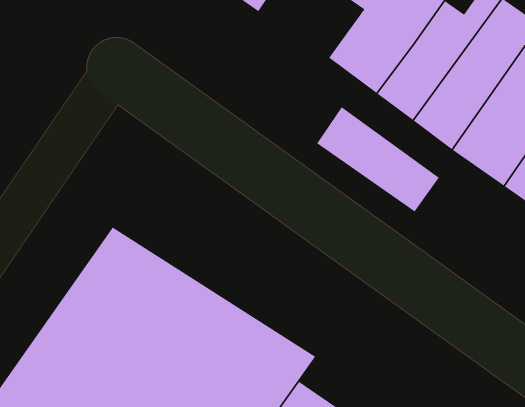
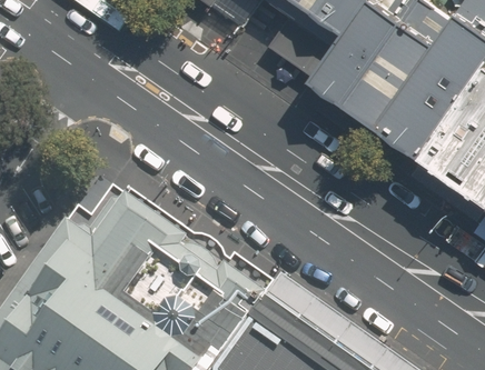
building: [316,106,440,212] -> none

